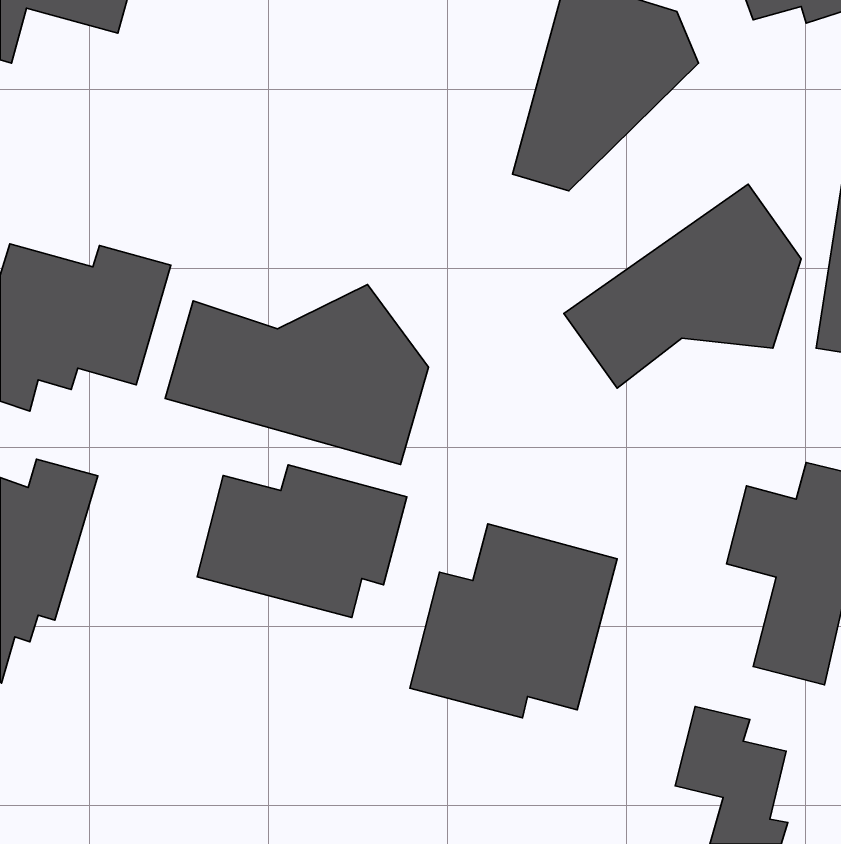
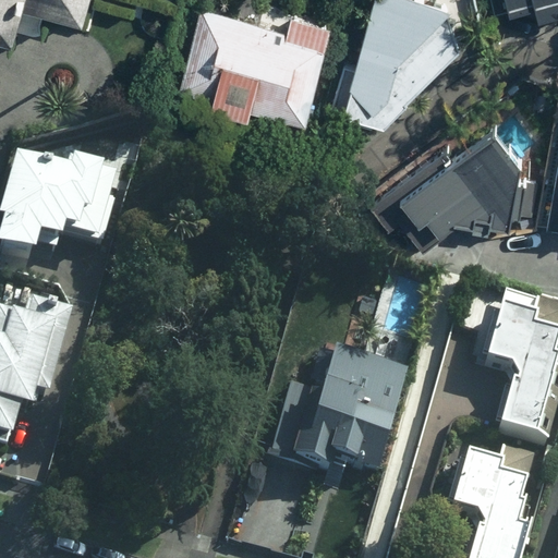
building: none -> [178,9,327,120]
building: [165,284,428,465] -> none
building: [197,465,407,617] -> none

